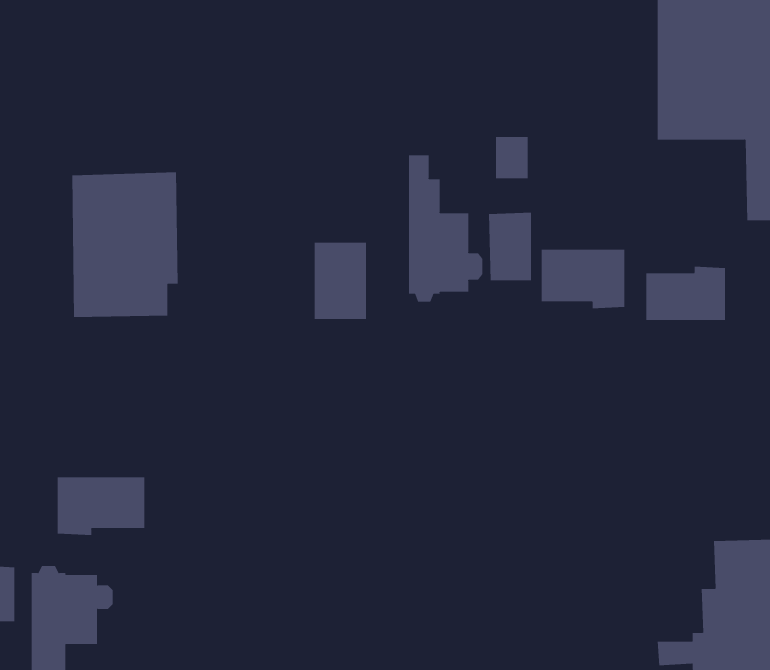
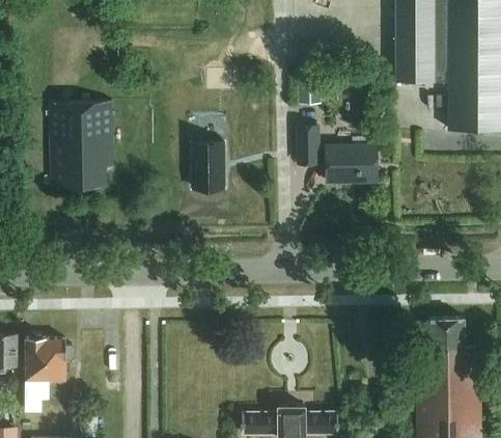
building: [408,154,483,303] -> none
building: [646,266,726,321] -> none
building: [57,477,145,536] -> none

